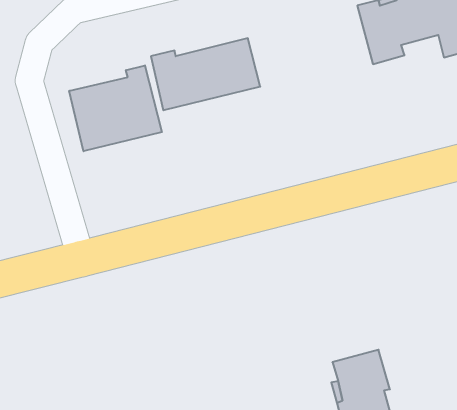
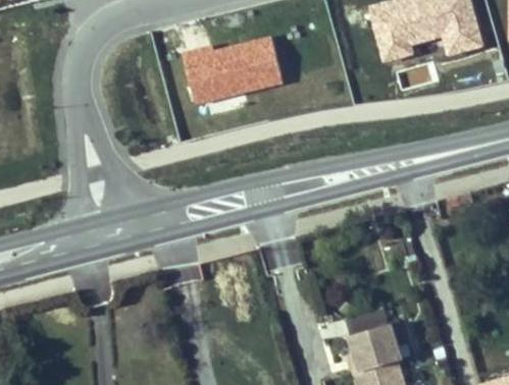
building: [69,65,162,151] -> none

